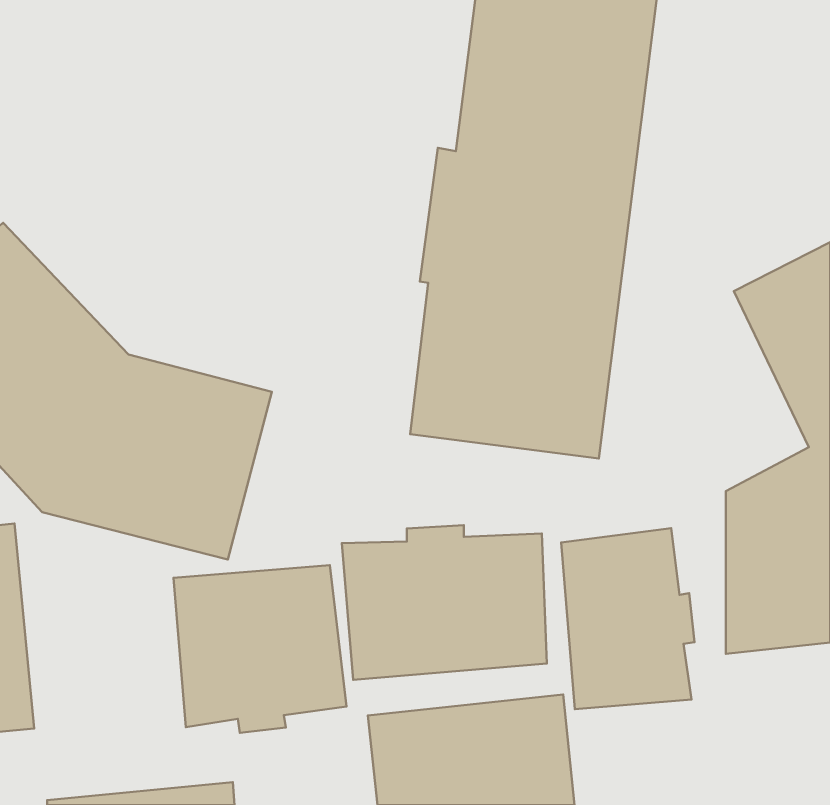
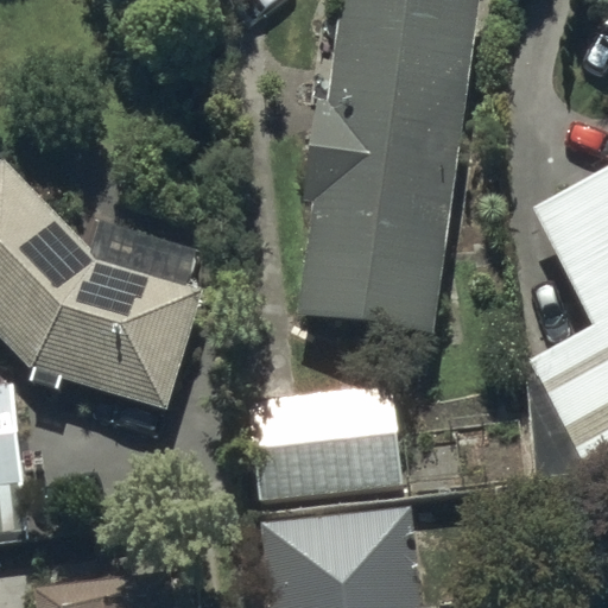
building: [561,528,695,709] -> none
building: [174,565,346,733] -> none

